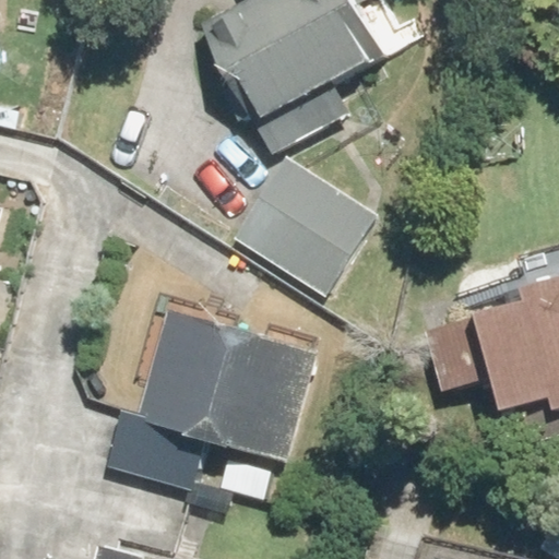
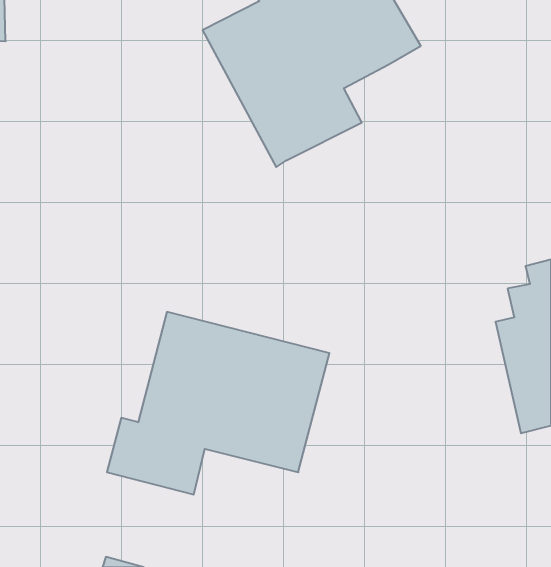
building: [229,157,374,296] -> none

